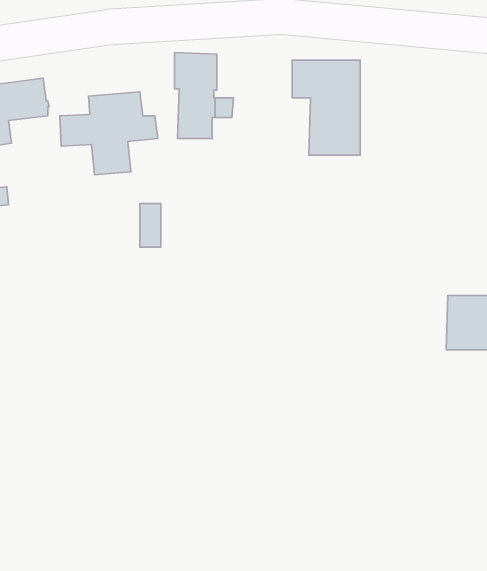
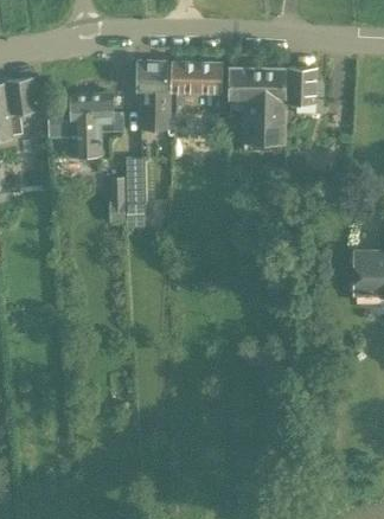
building: none -> [171,62,220,91]
building: none -> [287,66,316,100]
building: none -> [126,160,147,230]

